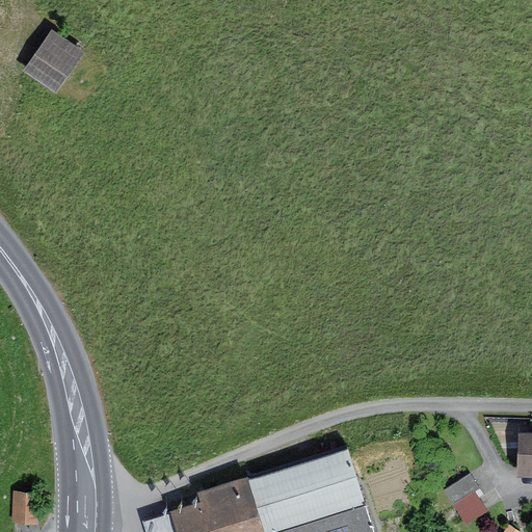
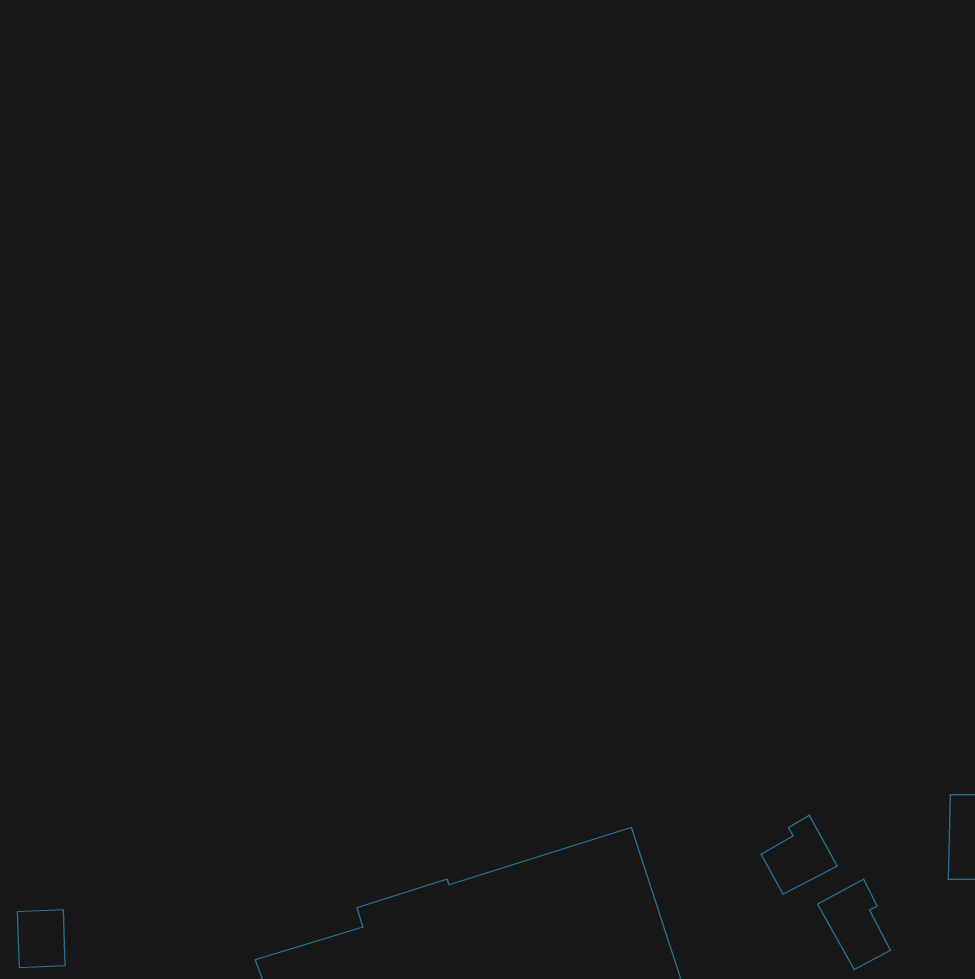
building: [23,30,84,92] -> none
building: none -> [761,815,837,894]

